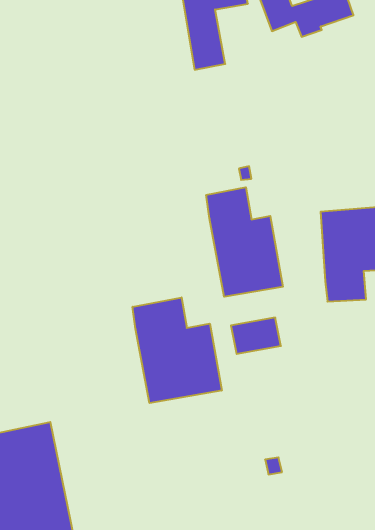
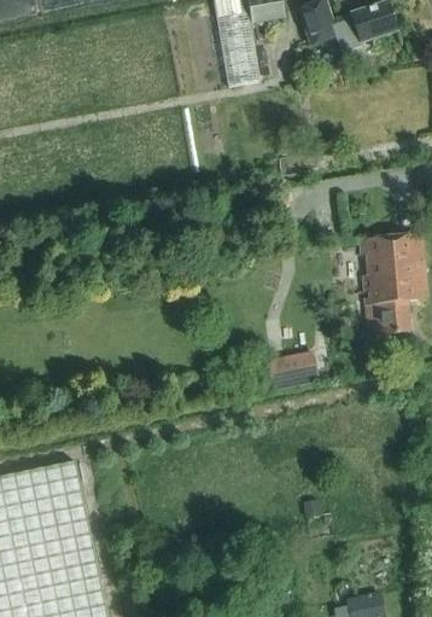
building: [206,187,283,297] -> none
building: [133,297,222,403] -> none

